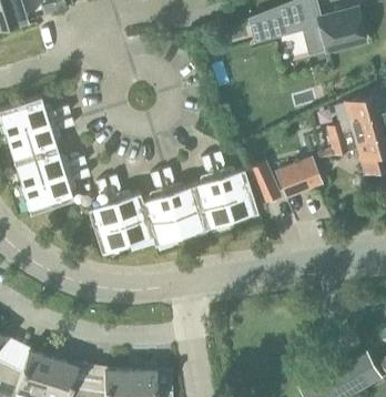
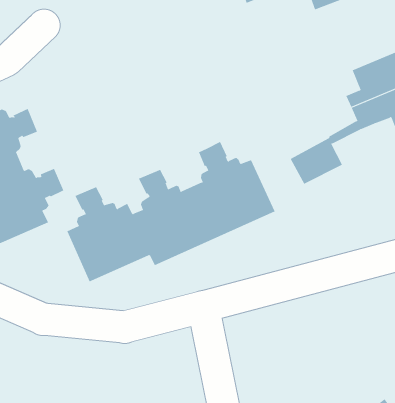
building: [247,160,282,204] -> none

